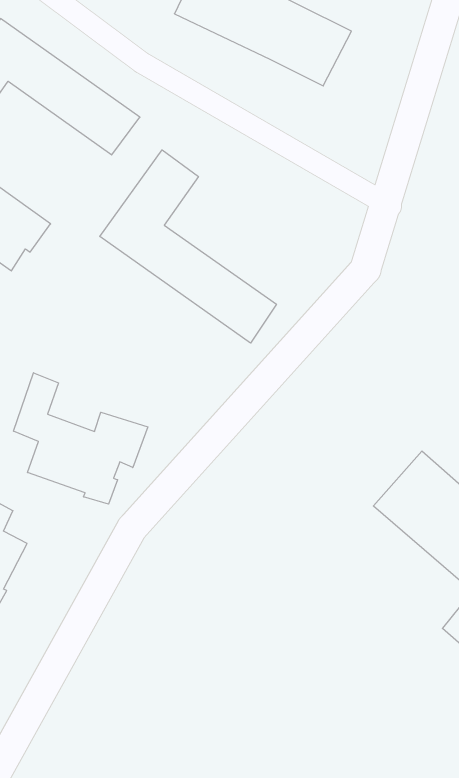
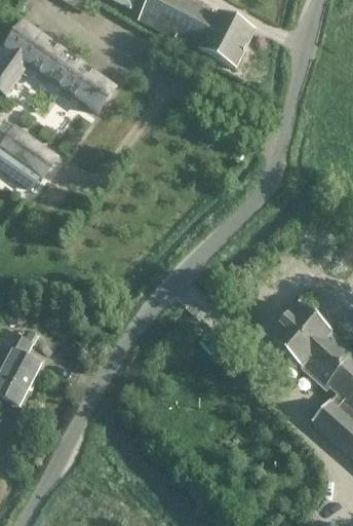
building: [100,150,276,343] -> none
building: [14,373,148,504] -> none

